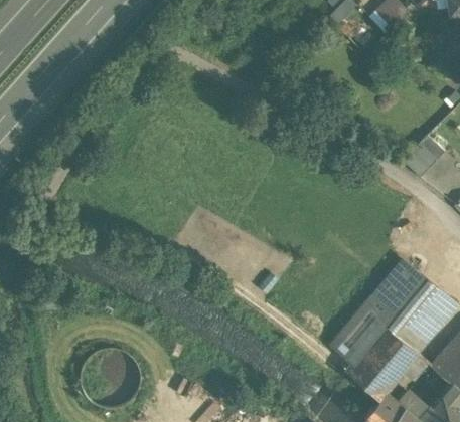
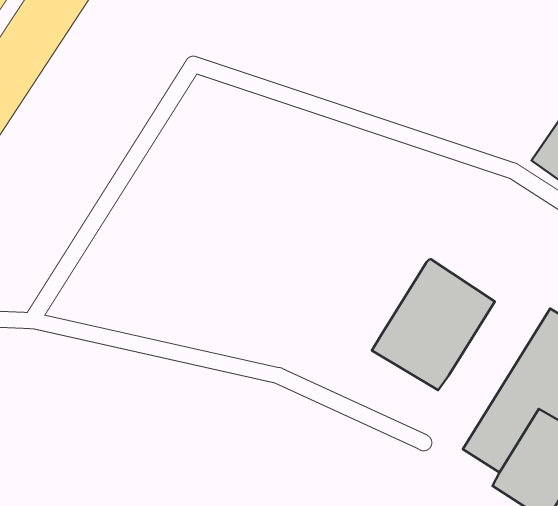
building: none -> [372,259,495,390]

